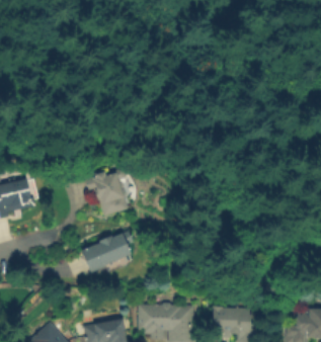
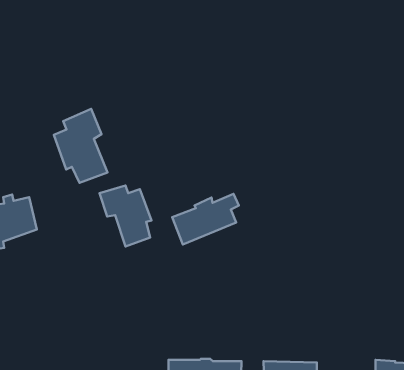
building: none -> [54,109,108,183]
building: [82,233,134,272] -> [172,194,239,245]

